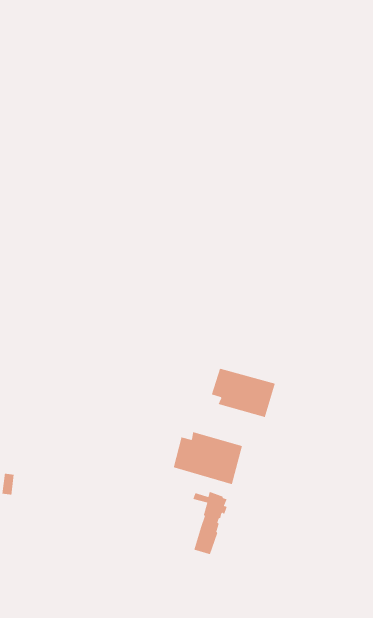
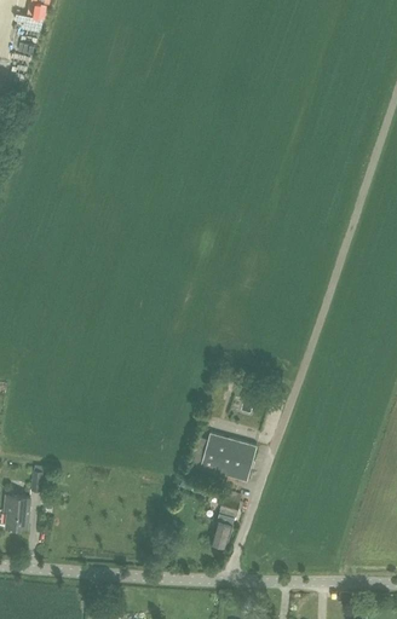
building: [211,367,276,418] -> none

